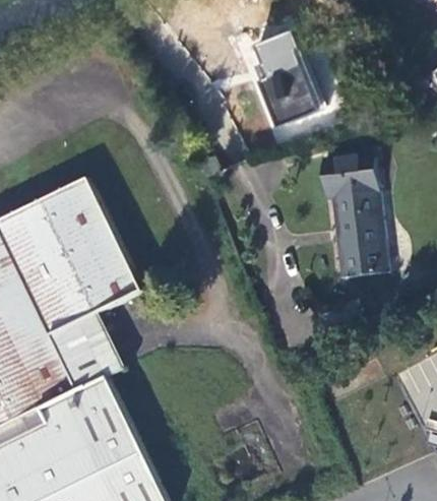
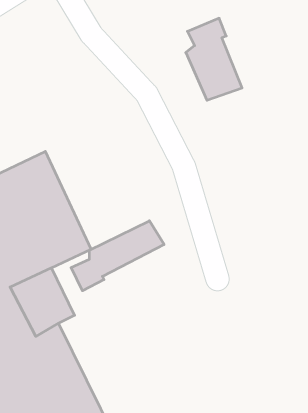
building: [323,153,387,278] -> none
building: none -> [71,221,164,291]

